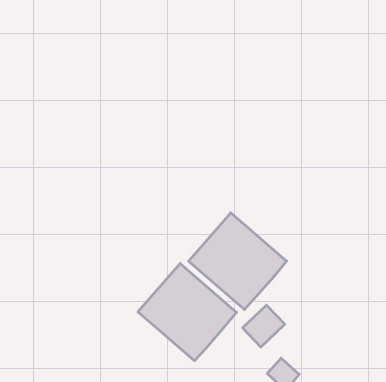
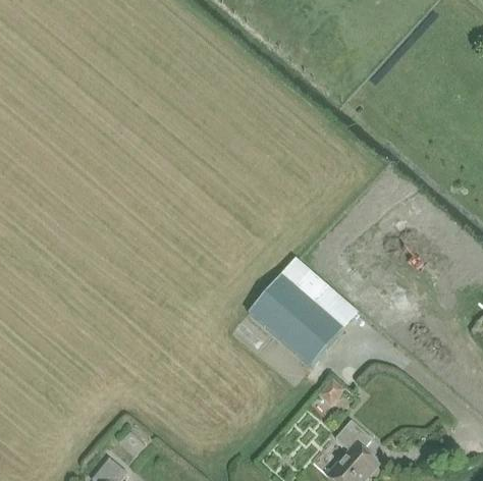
building: [138,263,237,361] -> none

